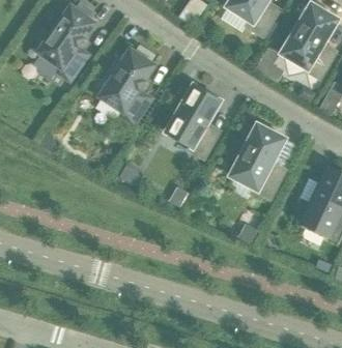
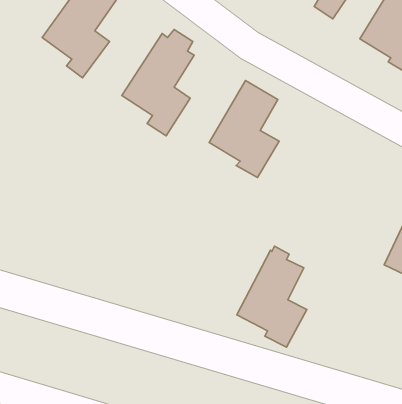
building: [231,122,285,200] -> [237,246,307,347]

